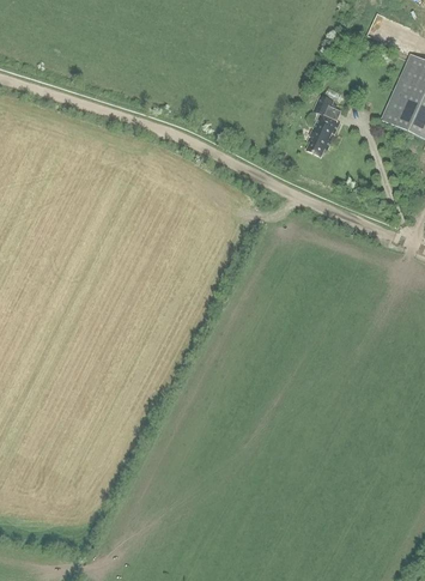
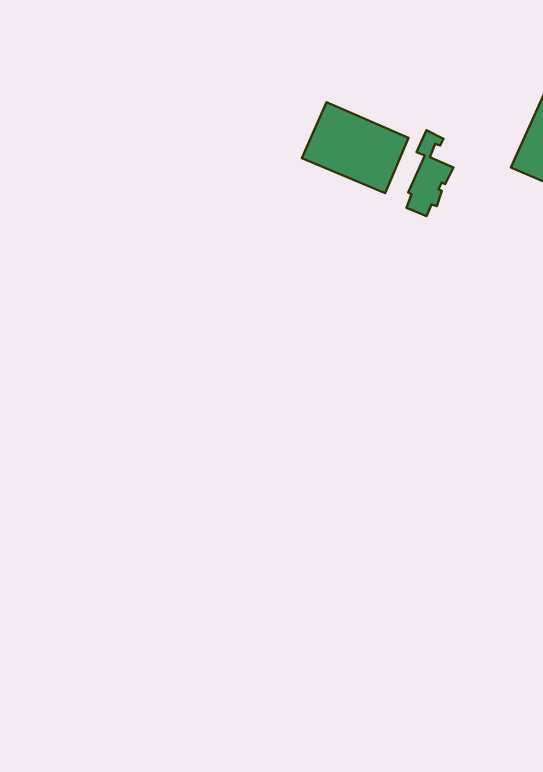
building: none -> [302,102,409,193]

